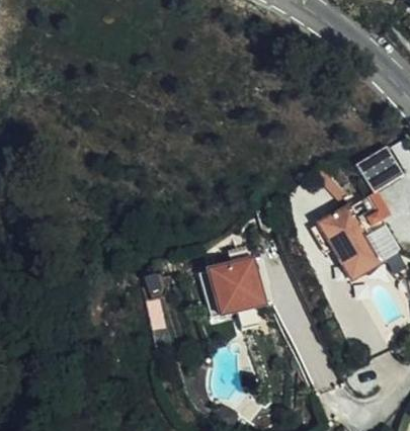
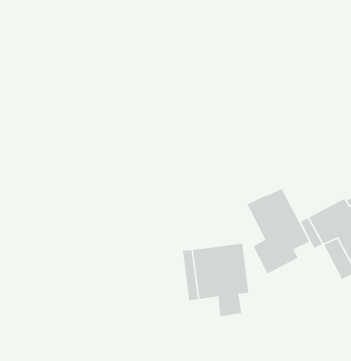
building: none -> [247,187,310,275]

